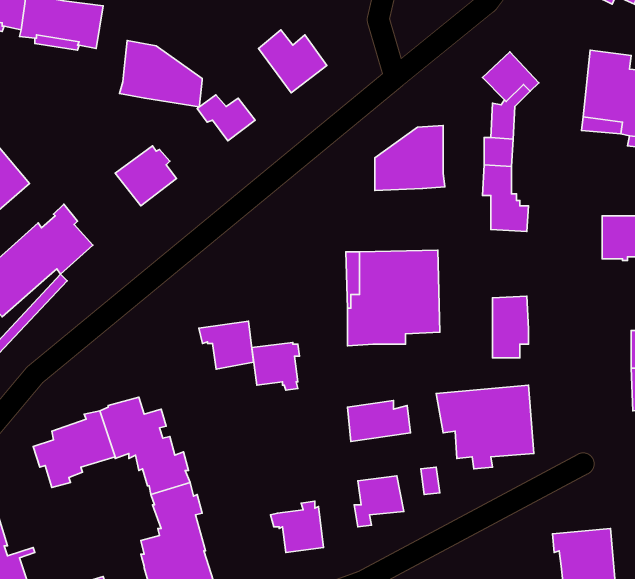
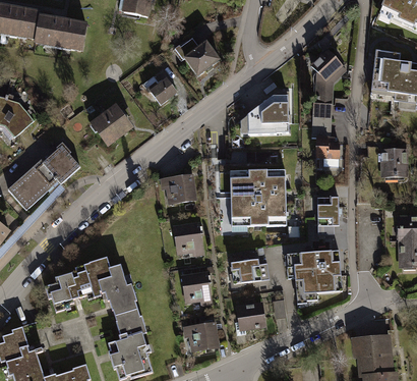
building: [119,41,202,107] -> none
building: [199,321,254,369] -> [162,173,194,202]
building: none -> [182,272,211,301]

